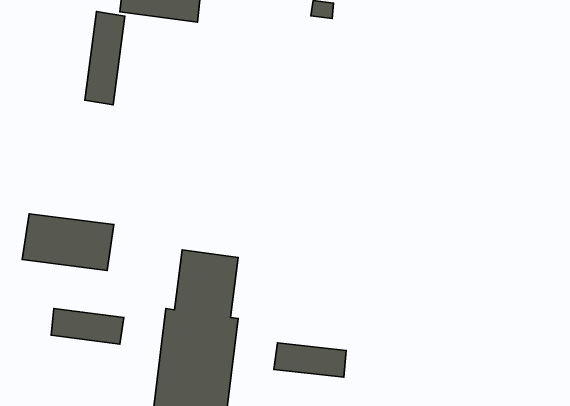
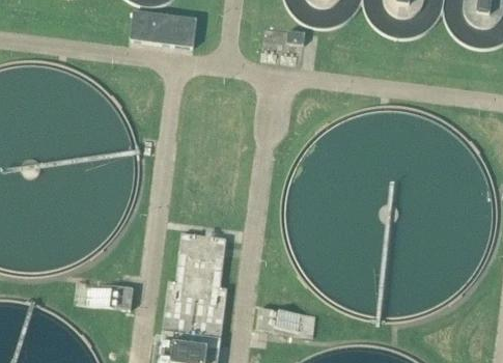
building: [85,11,125,105] -> none
building: [22,214,114,270] -> none

